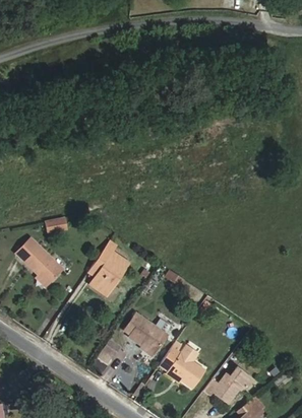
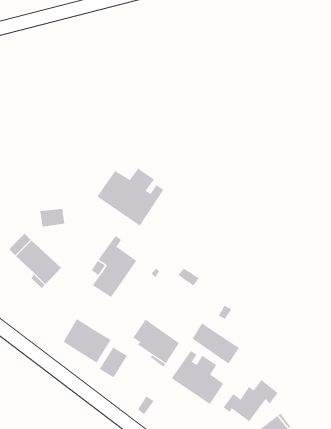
building: none -> [97,168,164,226]
building: none -> [63,318,112,364]
building: none -> [192,322,240,364]

